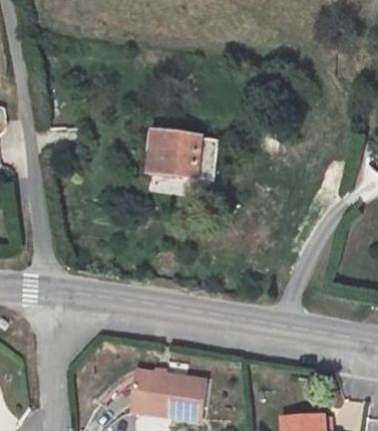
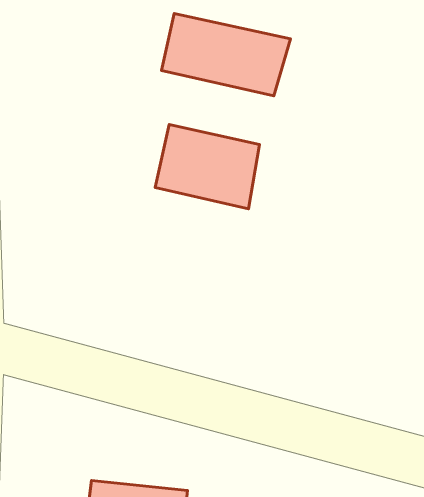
building: none -> [161,14,291,96]

